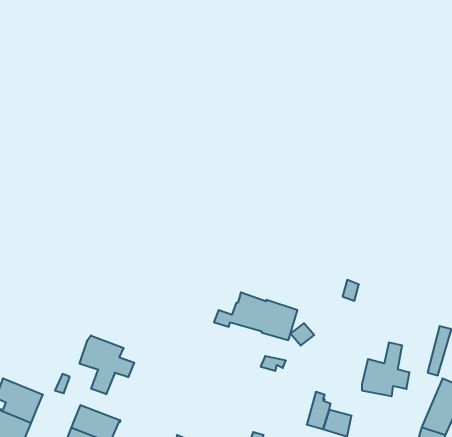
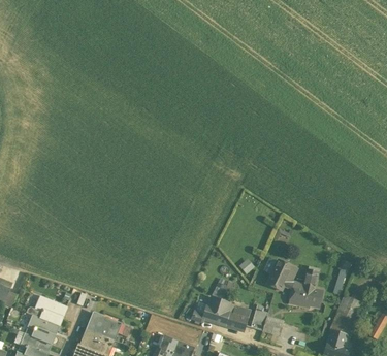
building: [214,292,297,340] -> [192,298,250,331]
building: none -> [267,260,294,299]
building: [80,335,134,394] -> none

